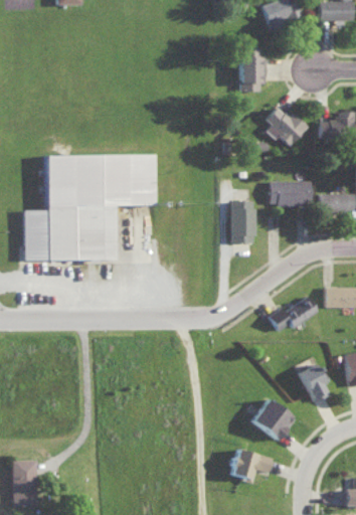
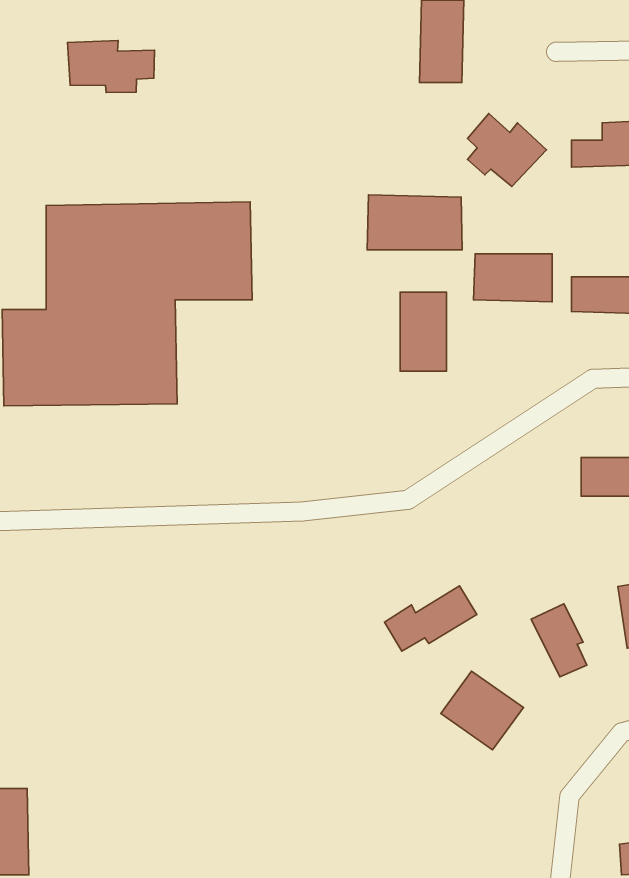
building: none -> [67,41,154,93]
building: none -> [367,195,462,250]
building: [270,298,318,332] -> [385,586,477,651]
building: [231,450,273,482] -> none

